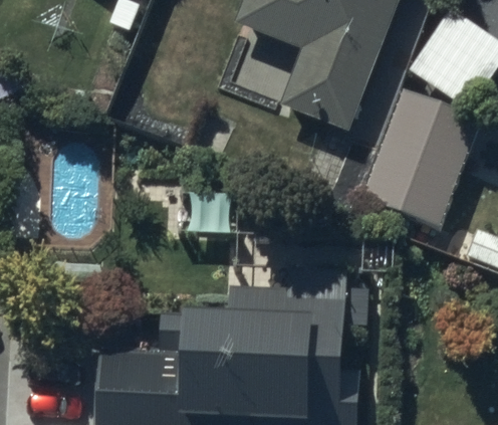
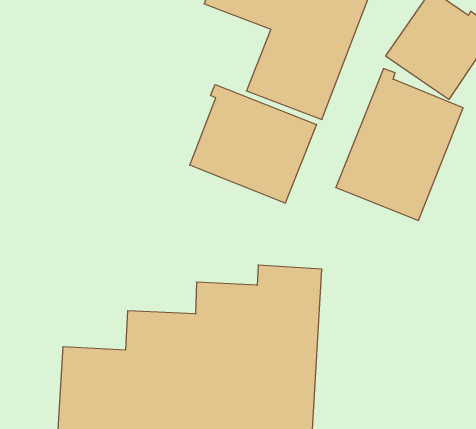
building: none -> [190,85,317,203]

